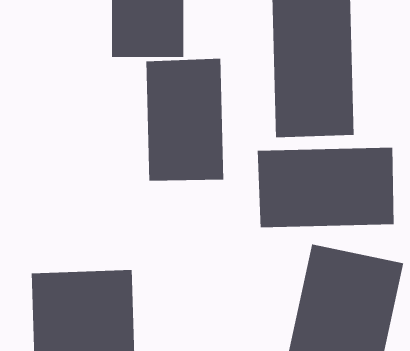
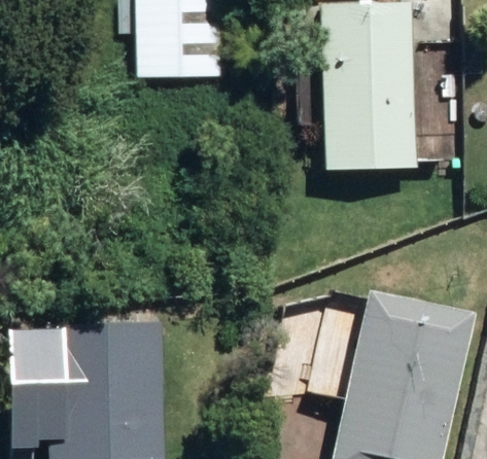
building: [145,58,224,181] -> none
building: [257,147,395,228] -> none

